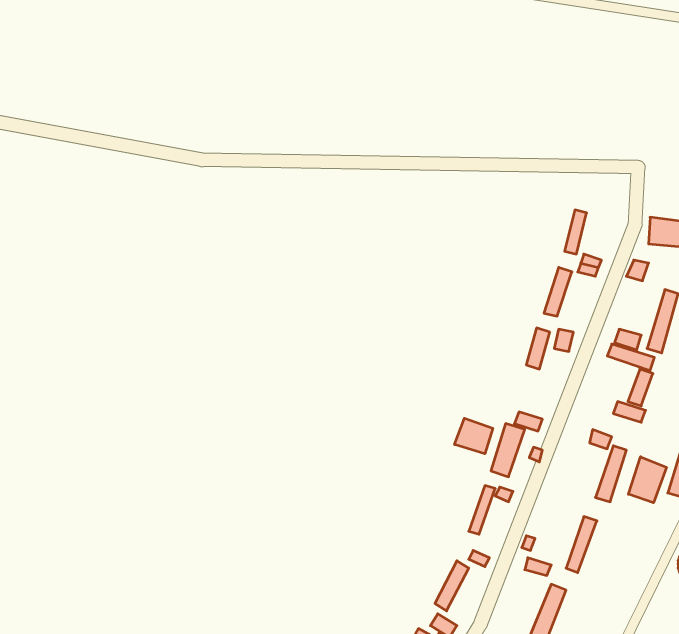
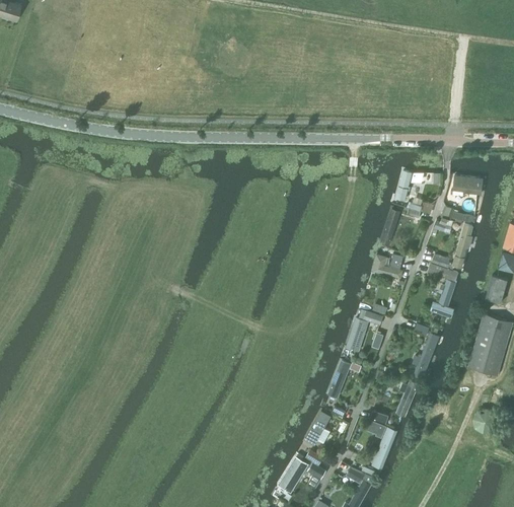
building: [455,418,493,454] -> none
building: [628,457,666,503] -> none

